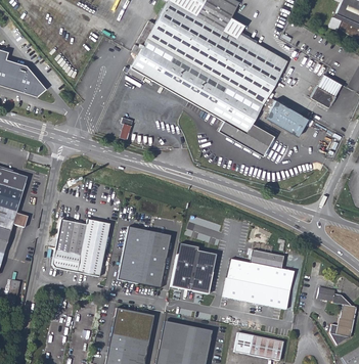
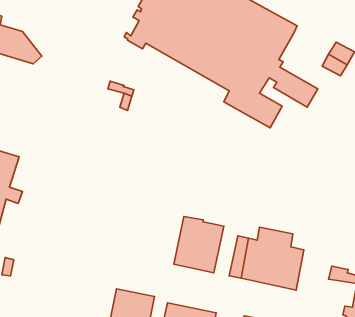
building: [52,220,110,277] -> none
building: [117,225,171,285] -> none

